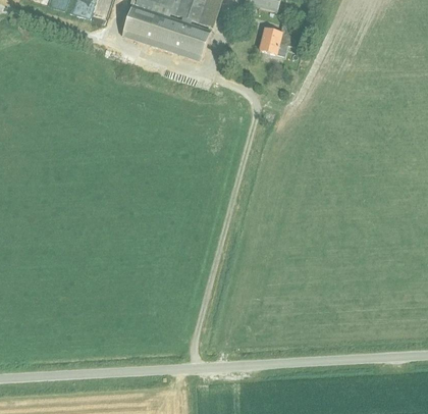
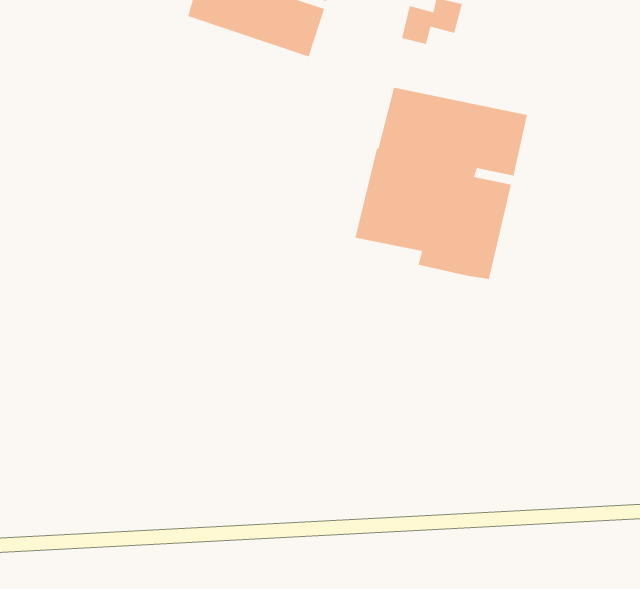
building: none -> [355,87,528,280]

